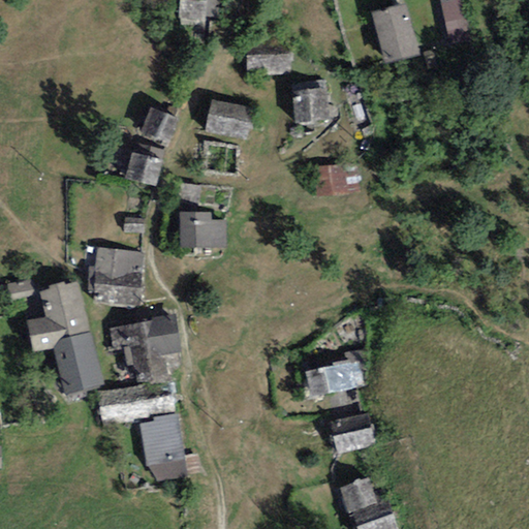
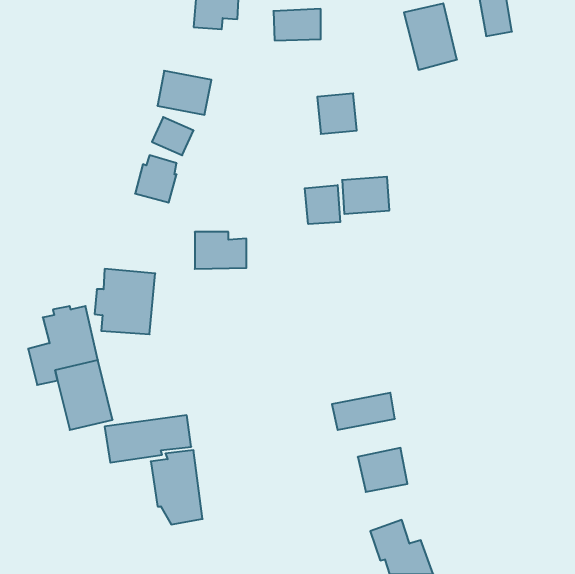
building: [245,46,288,75] -> [273,9,321,40]
building: [205,99,254,139] -> [157,71,211,115]
building: none -> [305,185,340,224]
building: [110,313,181,381] -> none

